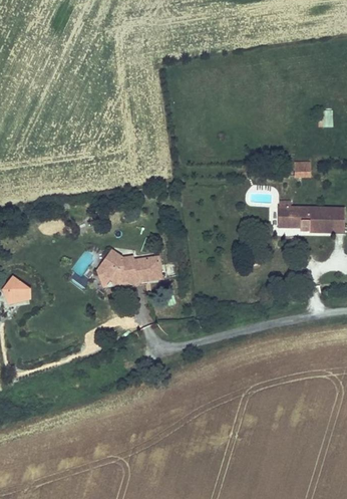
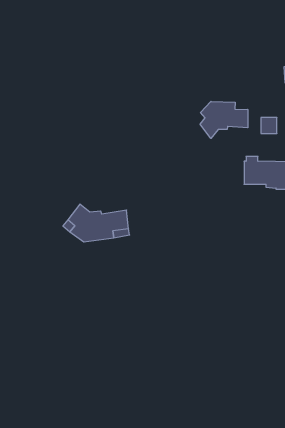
building: none -> [200,101,248,138]

